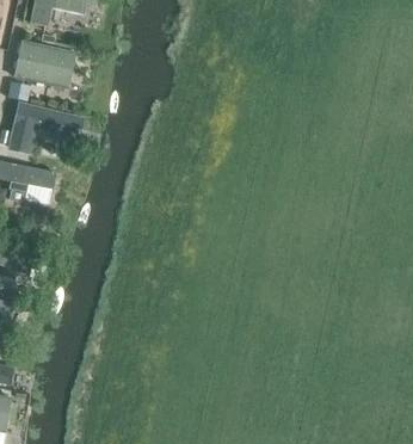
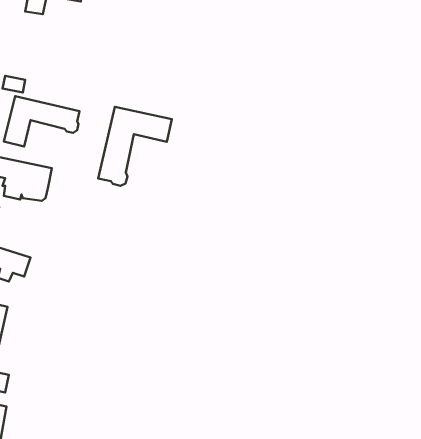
building: [14,41,74,87] -> none
building: none -> [98,107,172,186]

